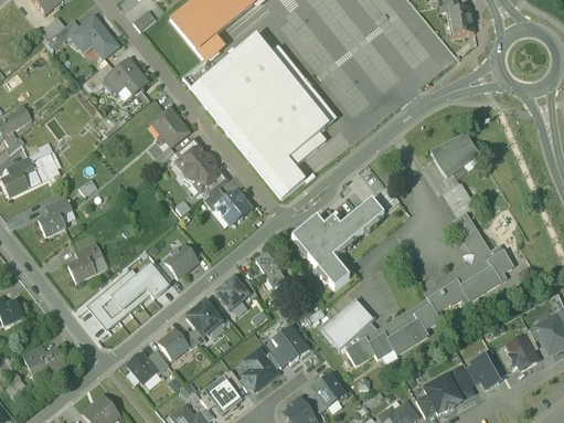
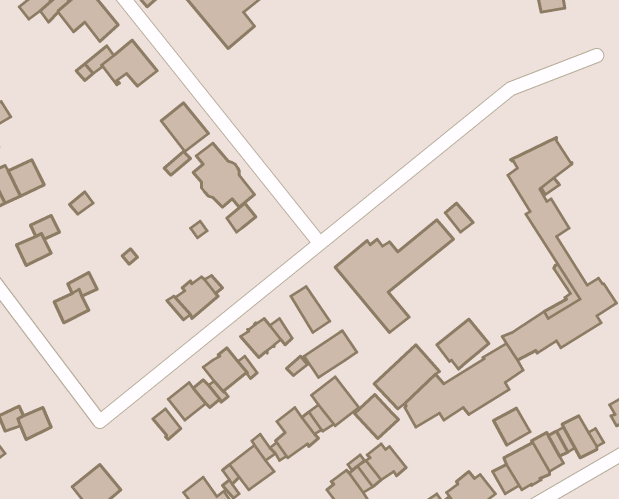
building: [189,34,334,200] -> none
building: [216,191,251,219] -> none
building: [89,265,167,327] -> none
building: none -> [437,319,489,369]
building: none -> [304,331,357,377]
building: none -> [354,394,398,439]
building: none -> [493,408,530,445]
building: [128,352,157,382] -> none

